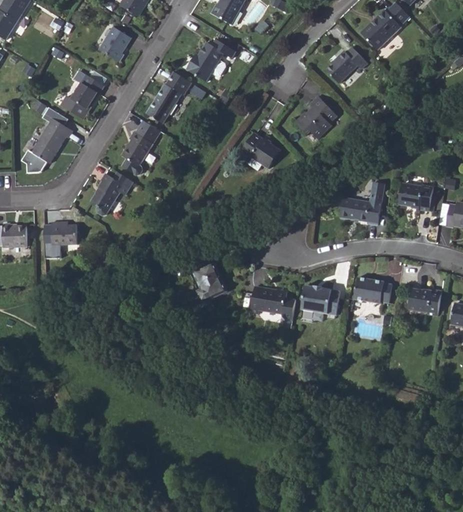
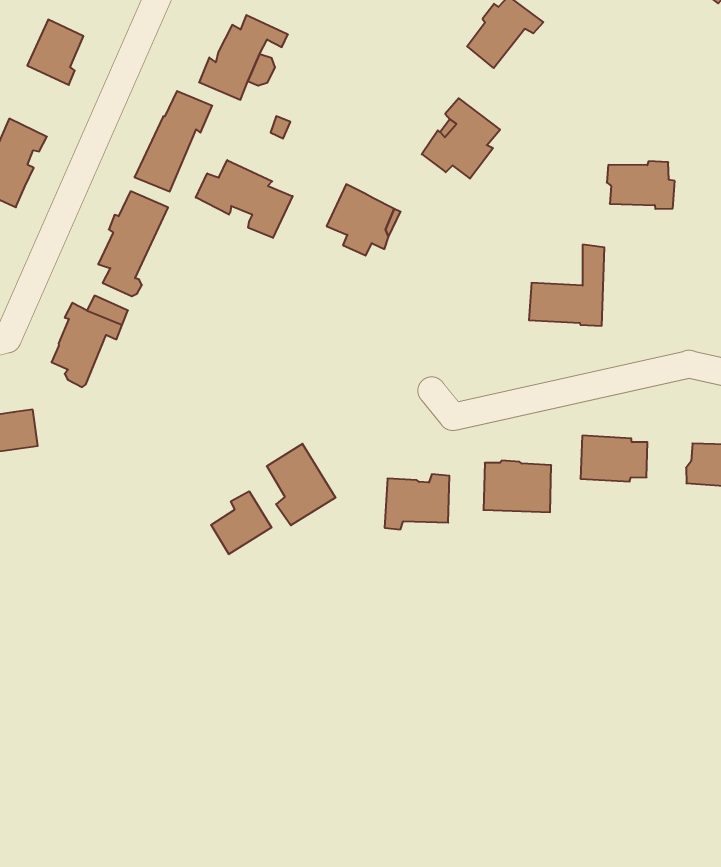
building: none -> [196,160,293,238]
building: [398,181,433,208] -> [607,161,675,209]
building: none -> [211,491,272,554]

